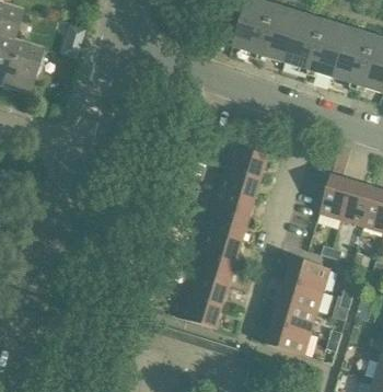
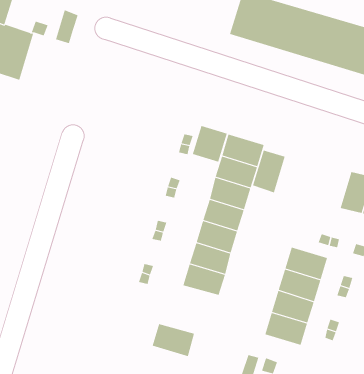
building: none -> [192,125,227,163]
building: [320,175,352,218] -> [252,150,285,193]
building: [179,295,222,327] -> [152,324,195,357]

